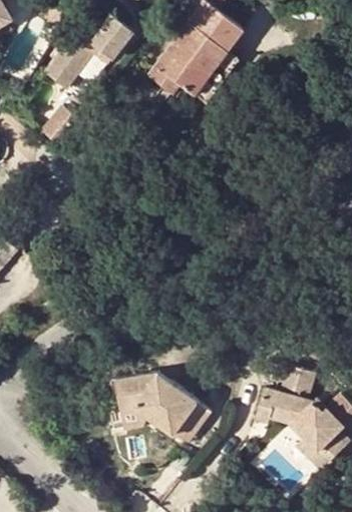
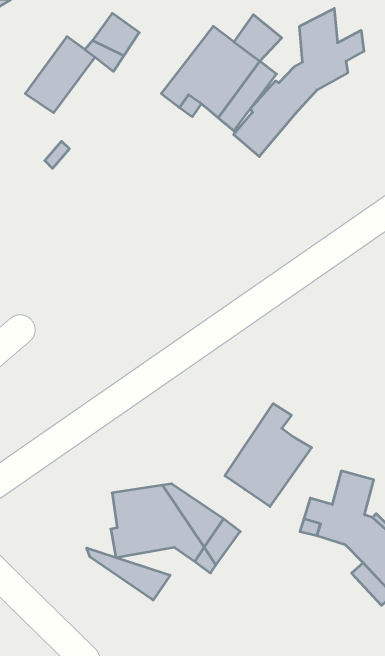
building: none -> [234,8,364,157]
building: none -> [225,404,312,507]
building: none -> [87,548,170,600]

